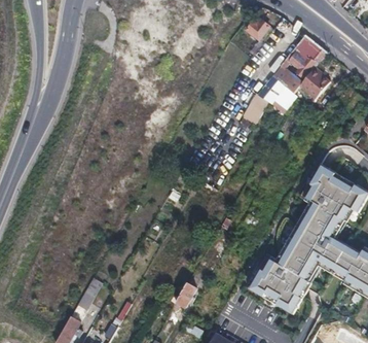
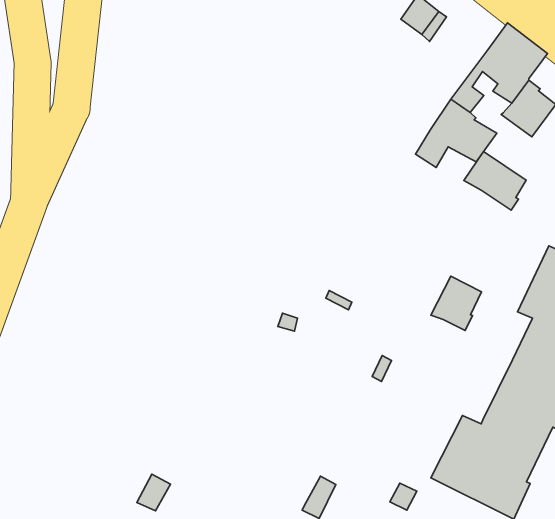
building: none -> [464,152,526,210]
building: none -> [431,276,482,330]

